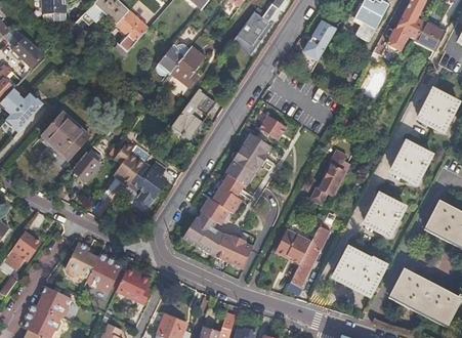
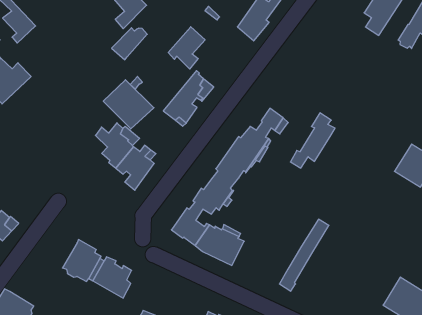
building: [295,20,334,71] -> none
building: [155,43,187,74] -> [112,28,147,60]
building: [41,112,89,158] -> [103,80,154,129]
building: [70,147,101,181] -> none
building: [310,151,350,204] -> [290,113,335,168]
building: [364,194,405,234] -> none
building: [275,234,308,267] -> none
building: [64,243,96,281] -> none
building: [336,249,387,294] -> none
building: [36,287,71,319] -> none

